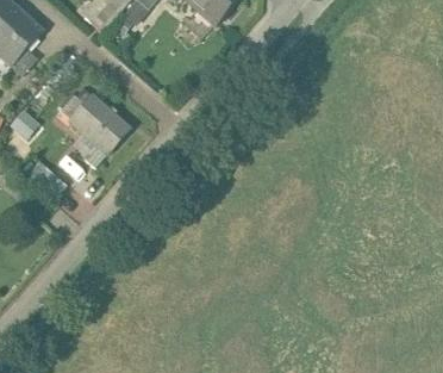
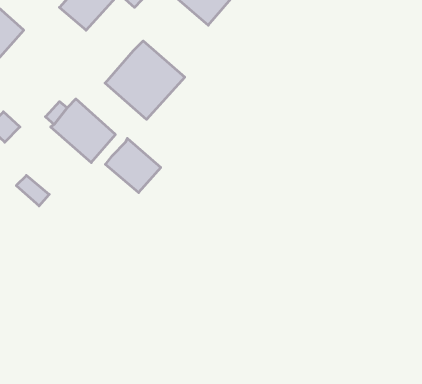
building: none -> [105,41,185,119]
building: none -> [105,138,161,193]

